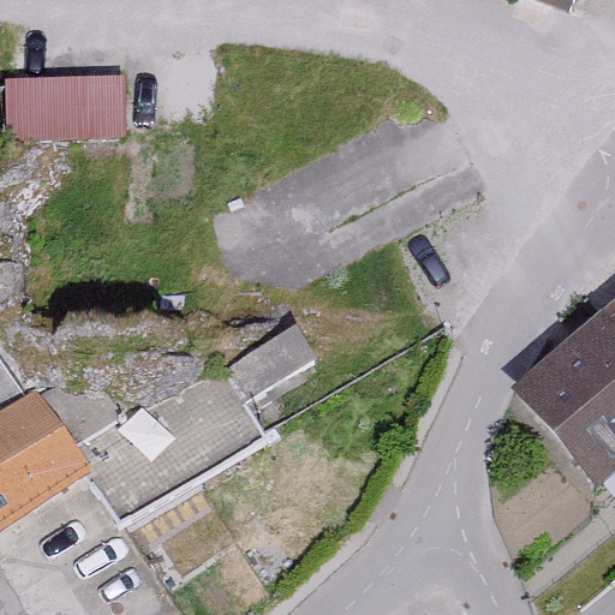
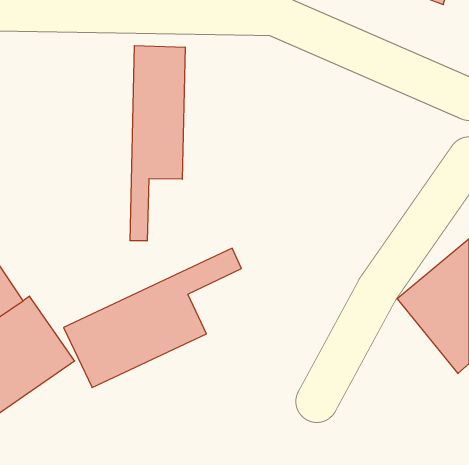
building: none -> [130,46,185,241]
building: [12,80,120,136] -> none

